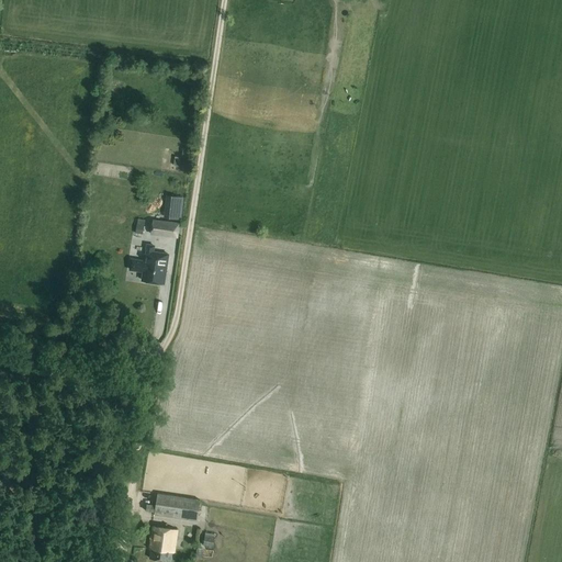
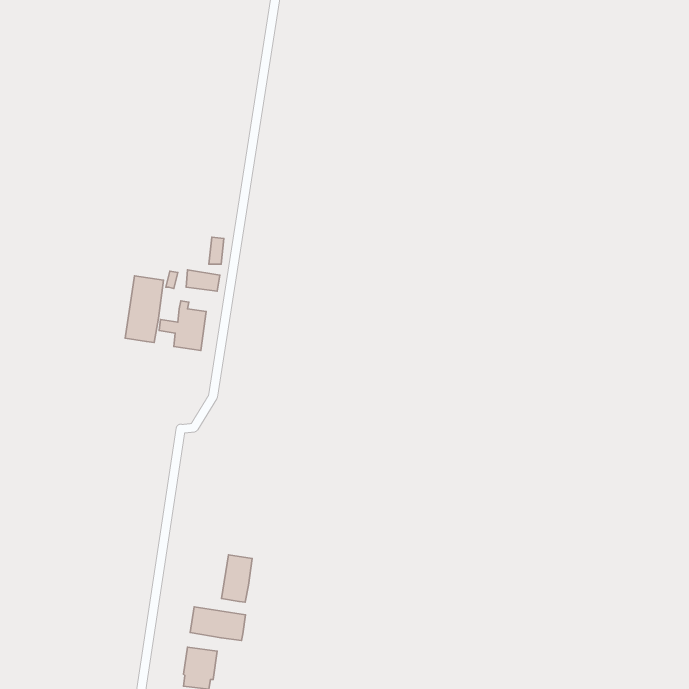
building: none -> [125,276,164,342]
building: none -> [222,555,252,602]

